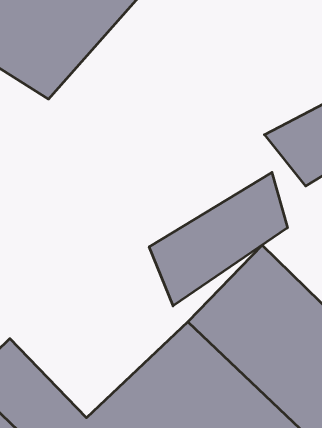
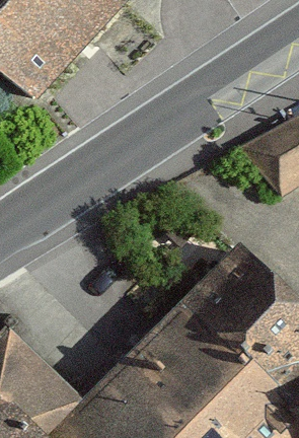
building: [149,172,287,306] -> none

